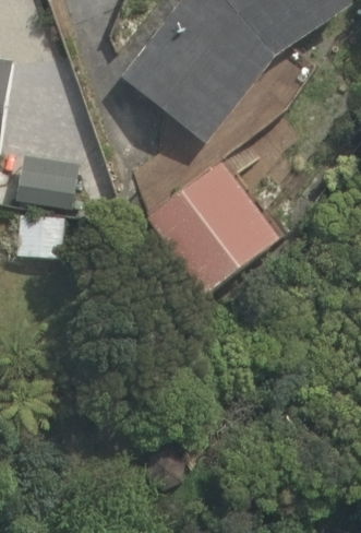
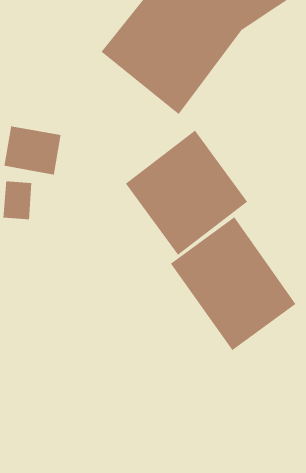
building: none -> [170,216,297,351]

